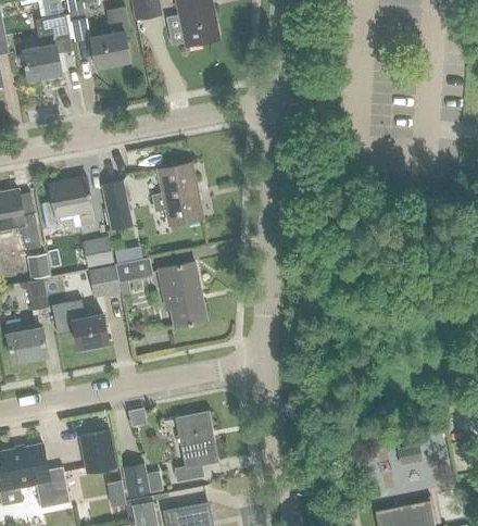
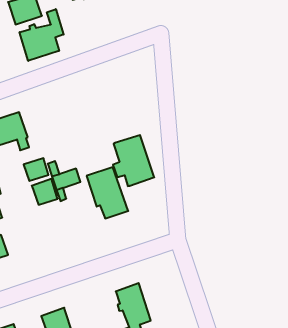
building: none -> [20,9,64,61]
building: [152,163,202,225] -> [113,135,154,186]
building: [102,183,133,231] -> none
building: [52,300,108,349] -> none

